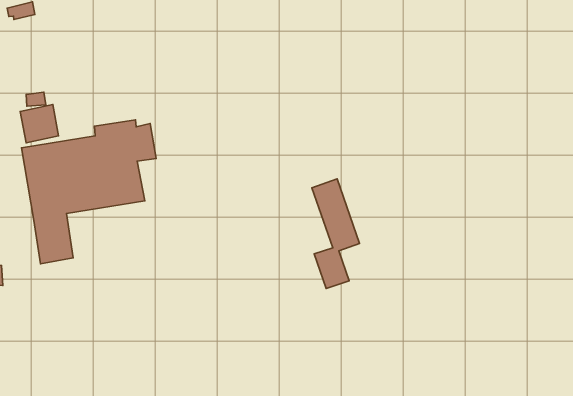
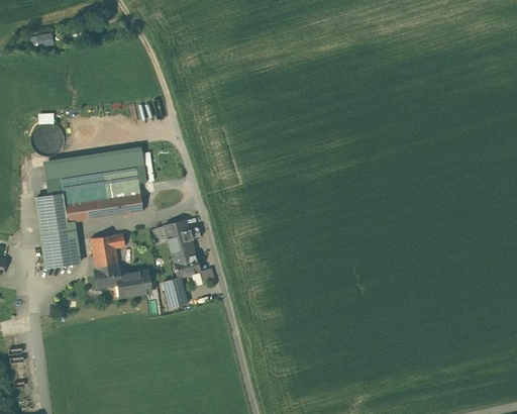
building: [312,179,360,288] -> [164,222,203,315]
building: none -> [87,232,150,296]

